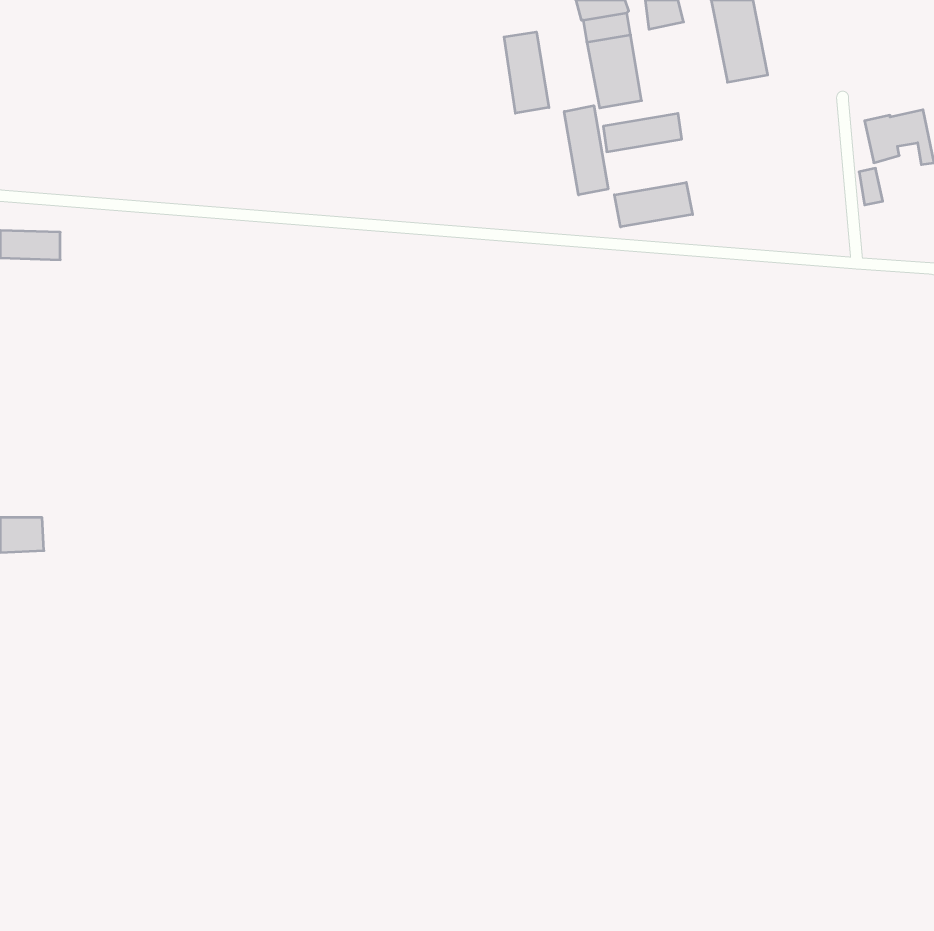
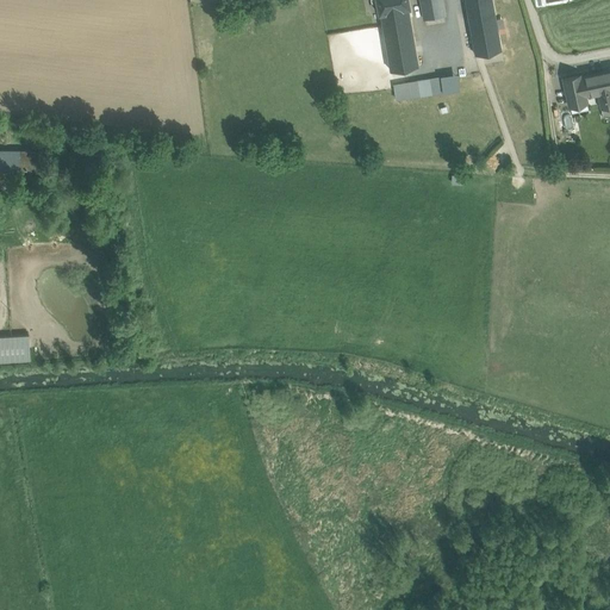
building: [504,32,549,113] -> none
building: [564,106,608,195] -> none
building: [614,182,693,227] -> none

